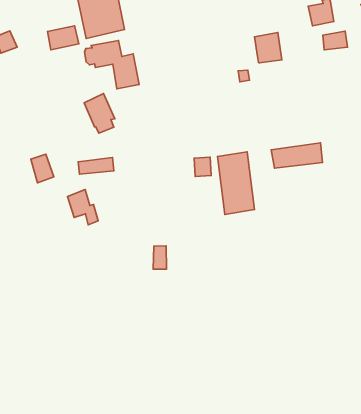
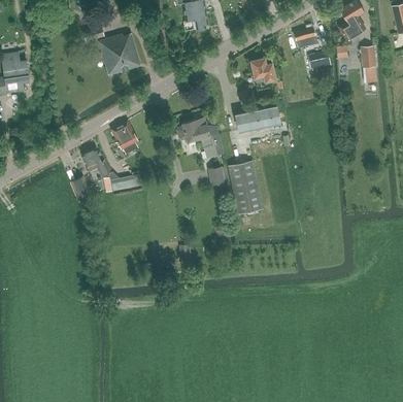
building: [48,26,79,50] -> none
building: [84,40,139,89] -> [176,118,225,159]
building: [271,143,322,168] -> [235,106,279,131]
building: [67,189,98,225] -> [81,147,109,177]

